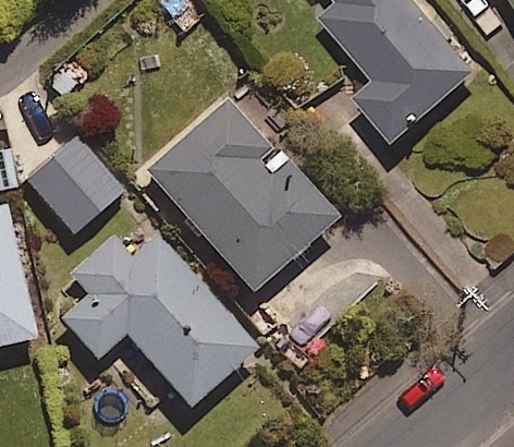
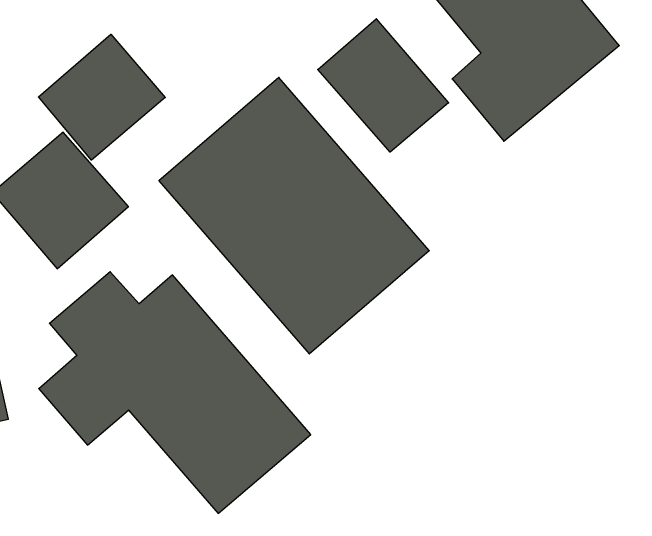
building: none -> [318,19,449,152]
building: none -> [38,34,165,160]

